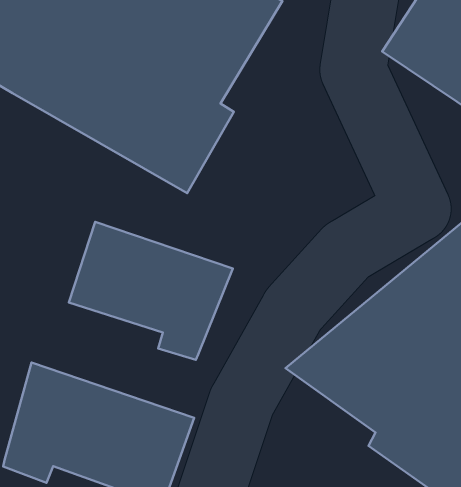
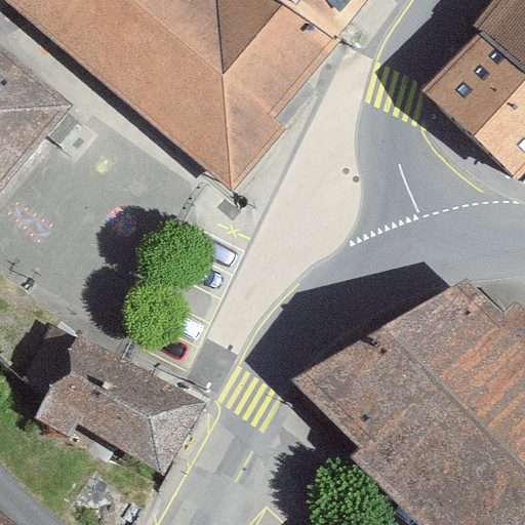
building: [69,222,233,360] -> none

